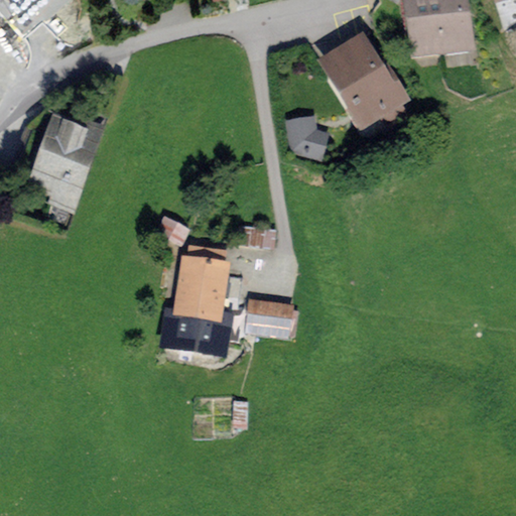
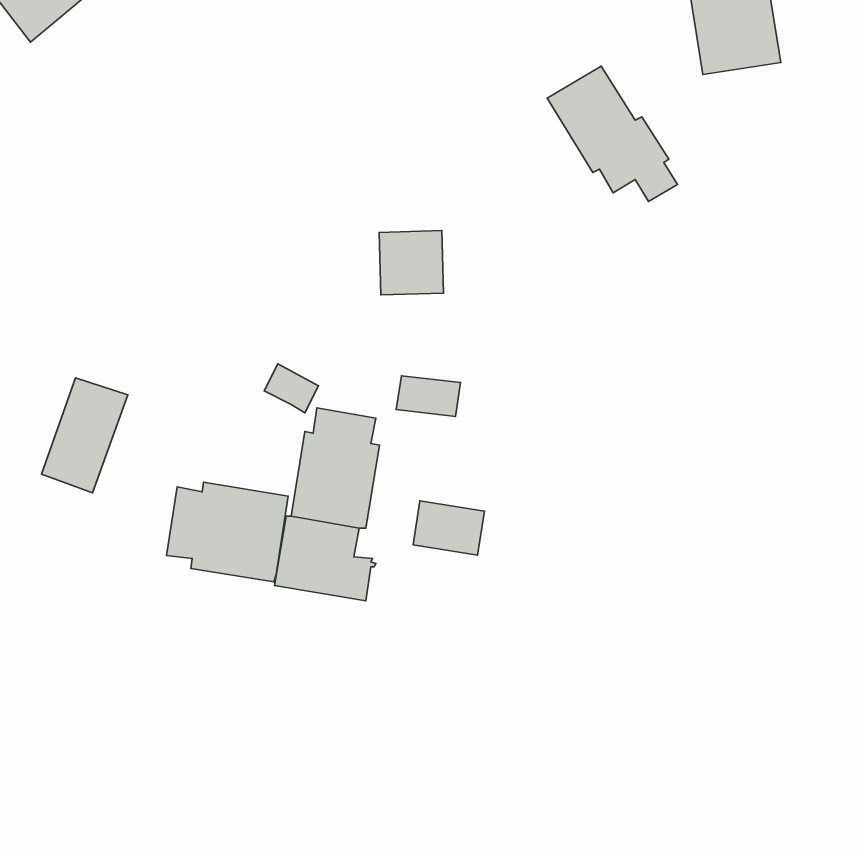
building: [288,113,327,151] -> [379,231,443,295]
building: [38,122,90,190] -> [42,378,128,493]
building: none -> [166,482,288,582]

